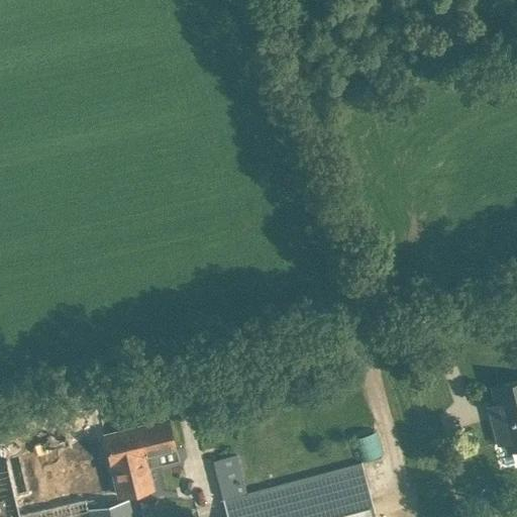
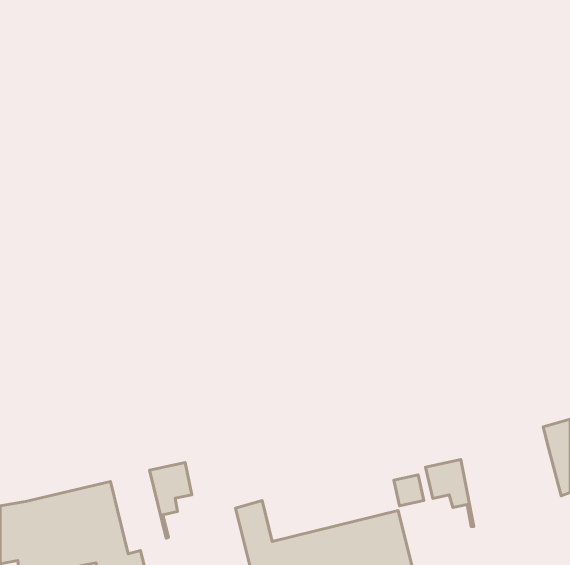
building: none -> [426,460,474,527]
building: [104,430,150,499] -> none

